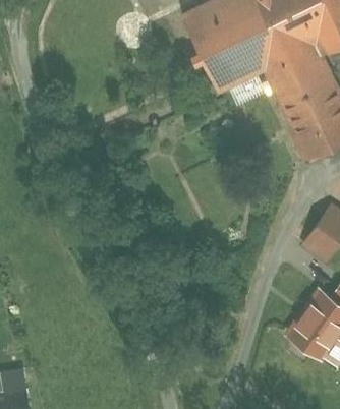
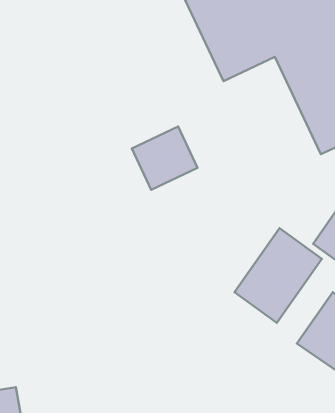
building: none -> [132,126,197,190]
building: none -> [235,228,322,323]

